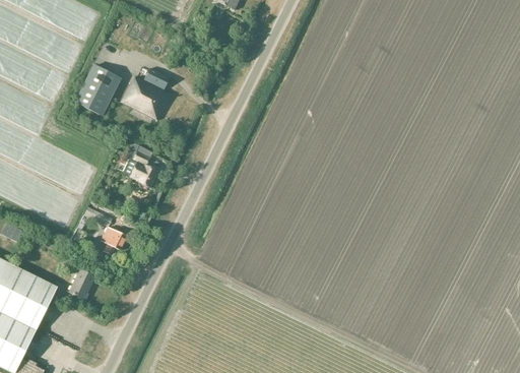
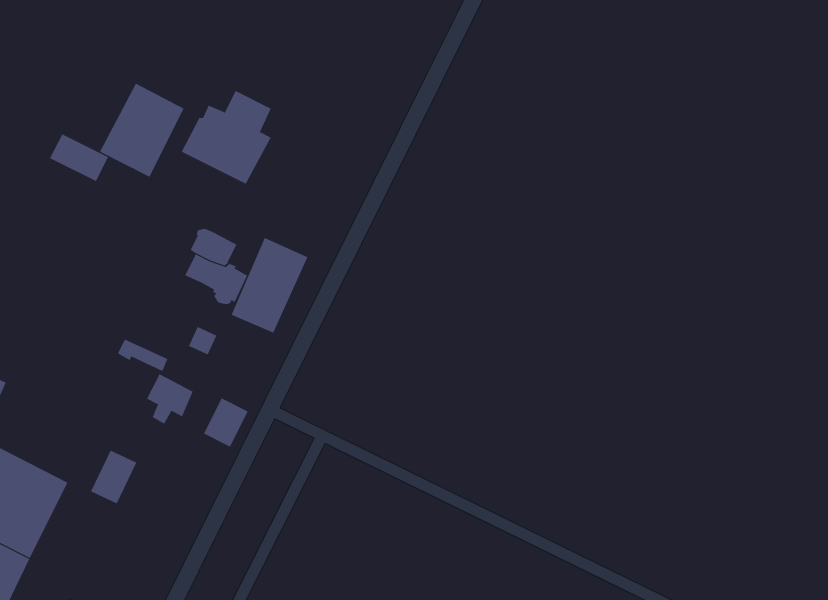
building: none -> [49,133,109,182]
building: none -> [231,237,308,333]
building: none -> [203,397,248,448]

